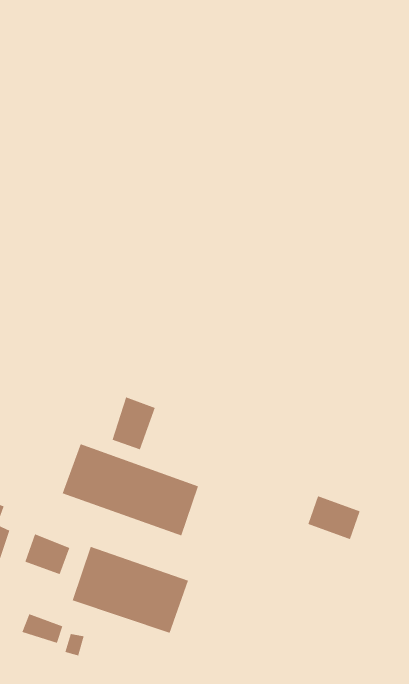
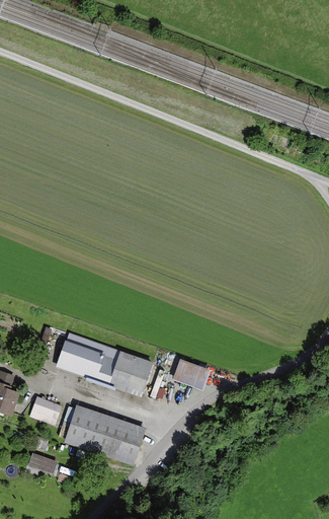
building: [112,397,155,450] -> none
building: [308,495,360,540] -> [172,359,210,390]

